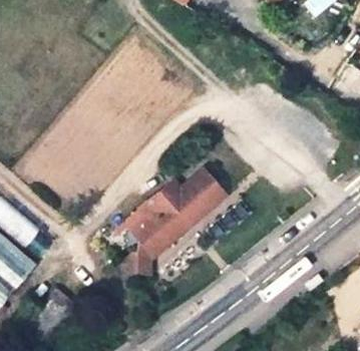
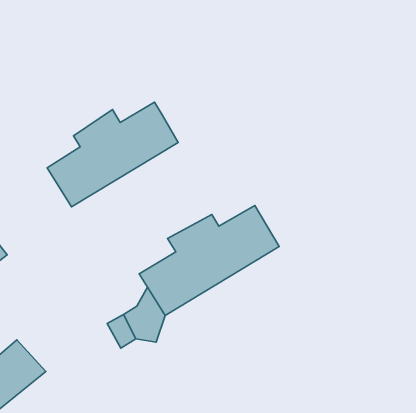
building: none -> [47,102,178,207]

